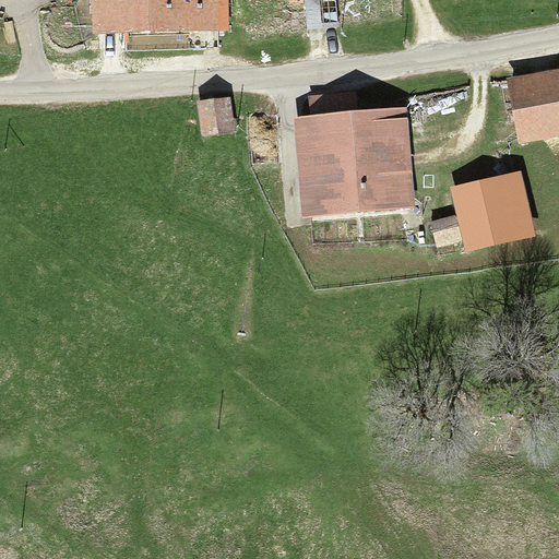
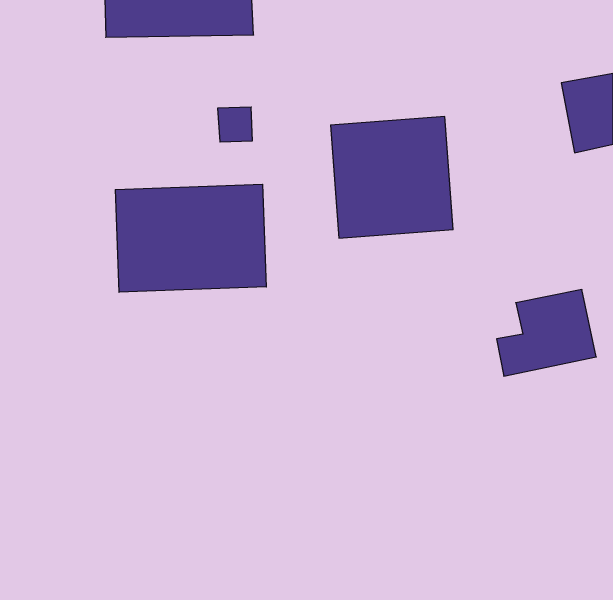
building: none -> [115,184,266,292]
building: [436,174,526,252] -> [497,290,596,376]

